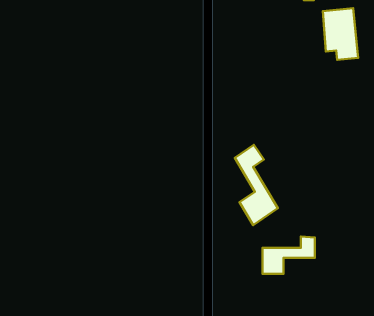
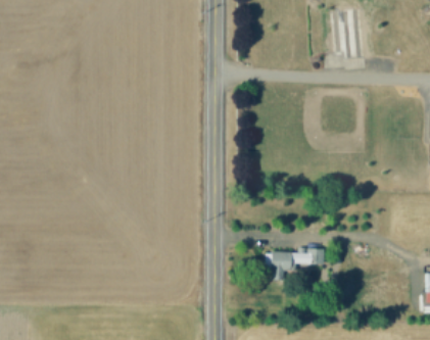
building: [235,145,278,225] -> none

